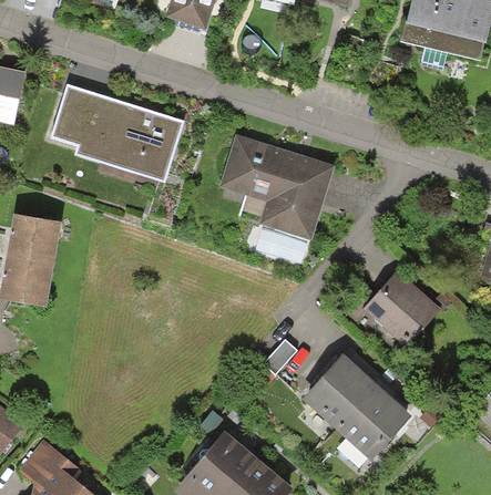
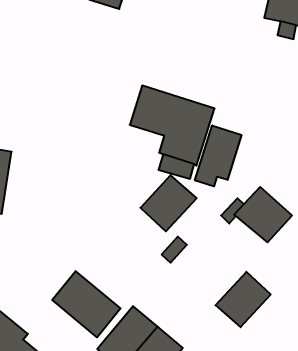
building: [50,83,183,182] -> none
building: none -> [195,125,241,186]
building: [301,354,378,431] -> [140,175,197,231]
building: none -> [52,271,121,337]

